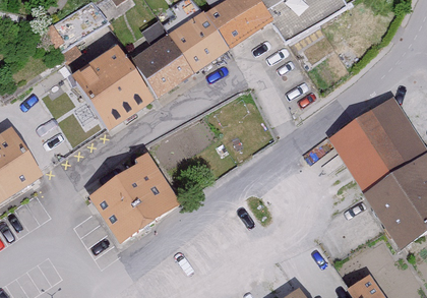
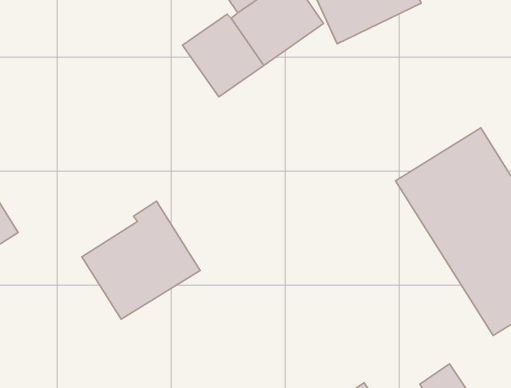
building: [134,35,195,97] -> none
building: [72,48,151,131] -> none

